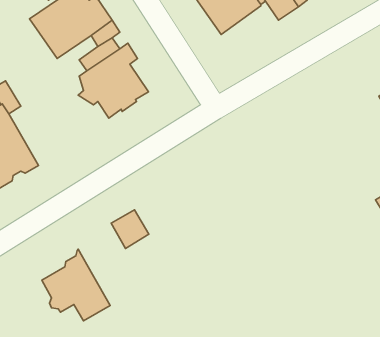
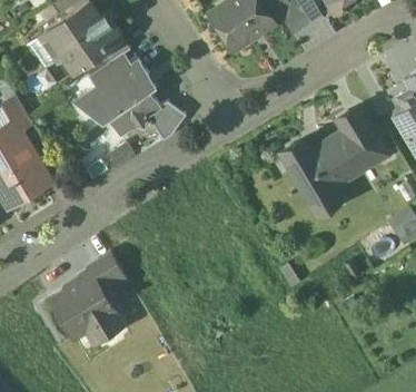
building: none -> [147,104,185,143]
building: none -> [281,107,387,214]
building: [111,210,149,248] -> [89,255,127,294]

